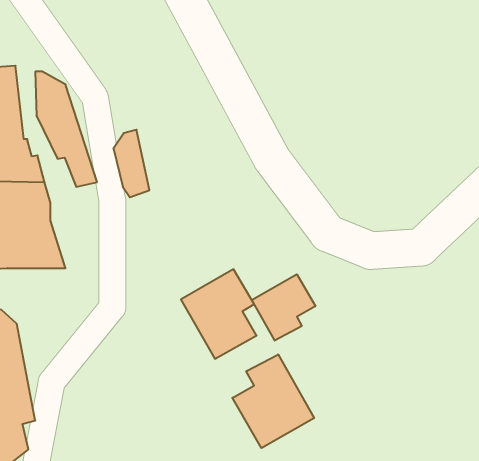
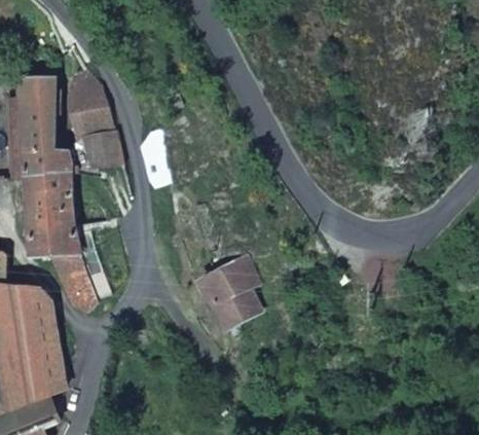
building: none -> [45,252,111,314]
building: [252,274,315,341] -> none
building: [232,354,314,448] -> none

